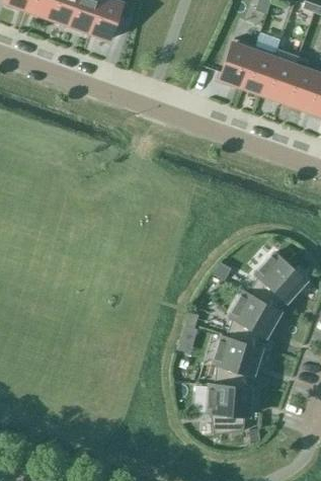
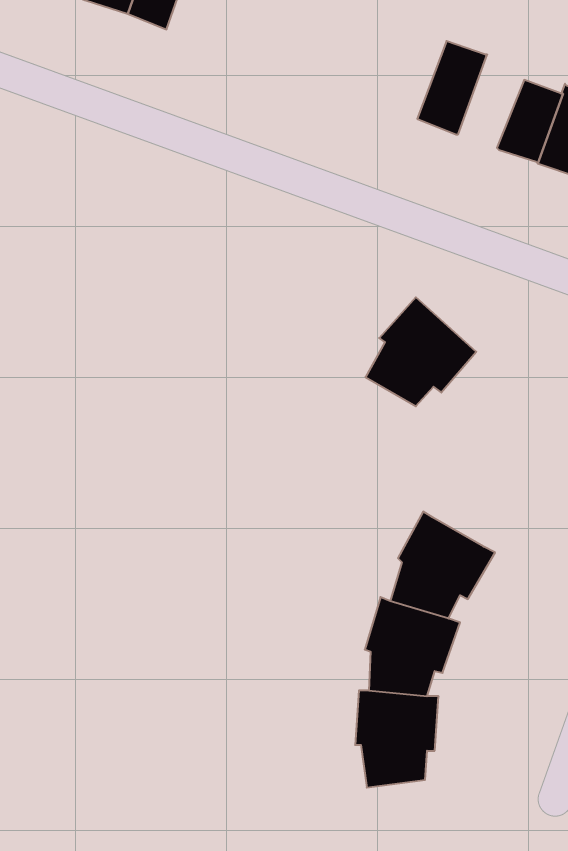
building: [220,37,255,86] -> none
building: [261,49,300,101] -> none
building: [248,252,306,309] -> [365,297,476,406]

